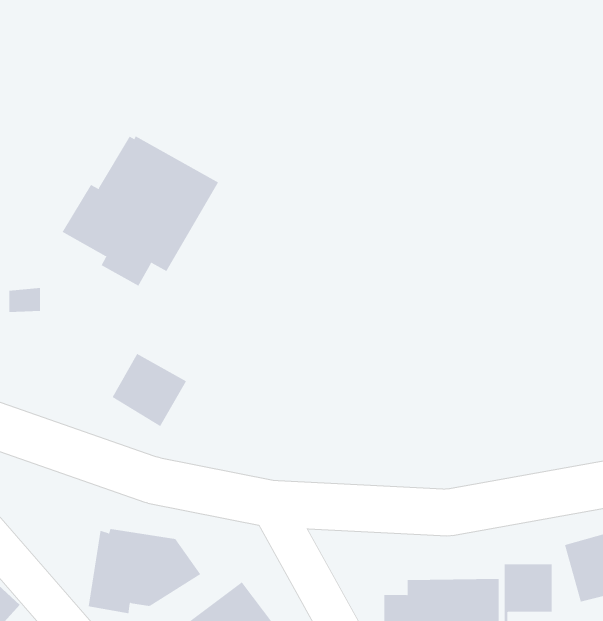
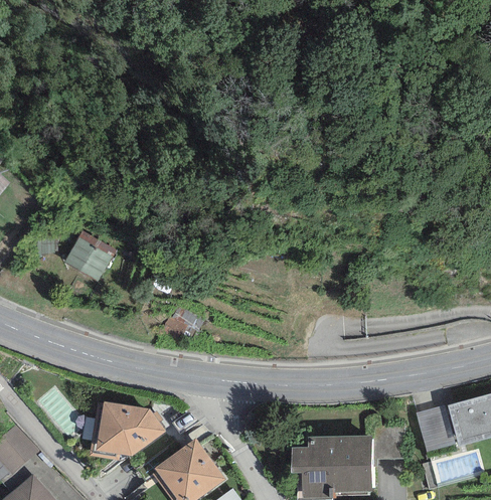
building: [62,136,219,287] -> none
building: [112,353,187,427] -> [65,230,117,281]

